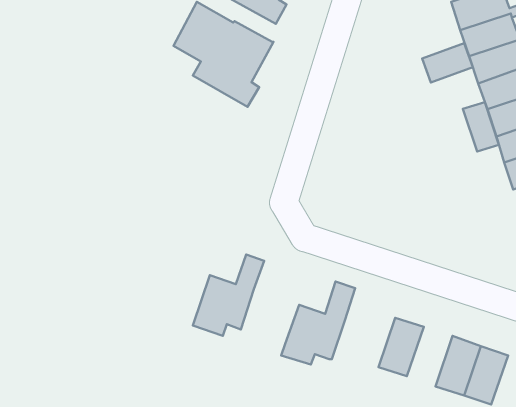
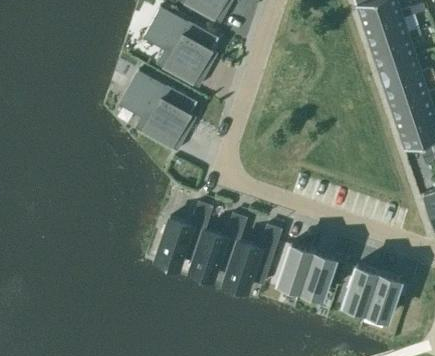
building: [422,43,473,82] -> none
building: none -> [121,72,198,153]
building: [463,102,499,151] -> none
building: none -> [191,213,248,277]
building: none -> [279,245,313,290]

